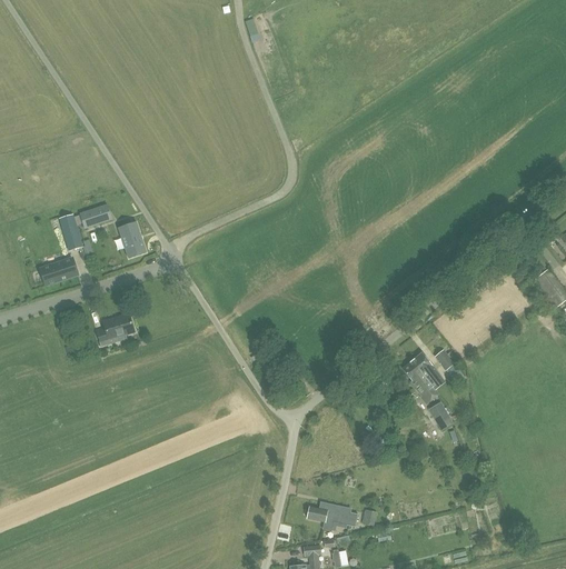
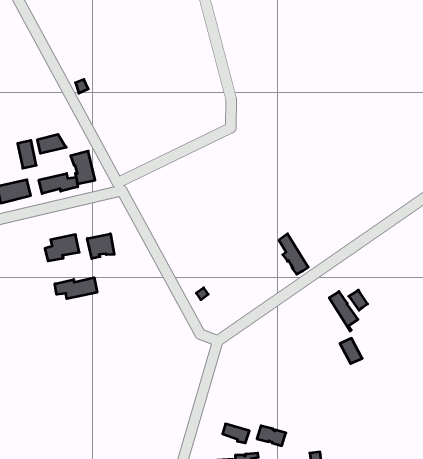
building: none -> [39,173,78,194]
building: none -> [87,234,114,259]
building: none -> [55,278,97,299]
building: [403,360,437,403] -> [279,234,308,274]

